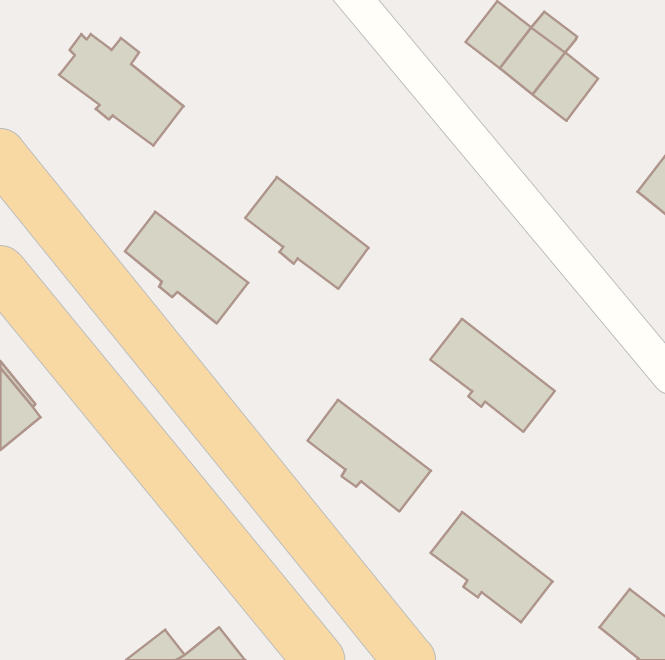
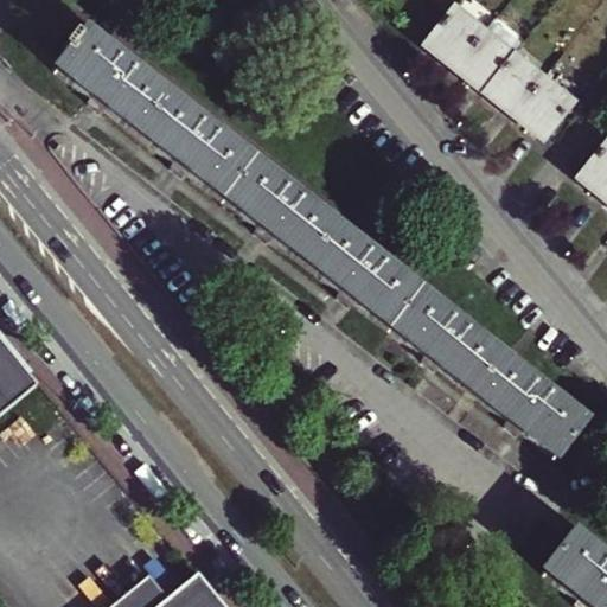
building: none -> [517,71,575,133]
building: [125,212,248,323] -> [143,96,255,197]
building: [308,400,431,511] -> [311,224,422,325]
building: [431,512,553,622] -> [478,353,588,453]

